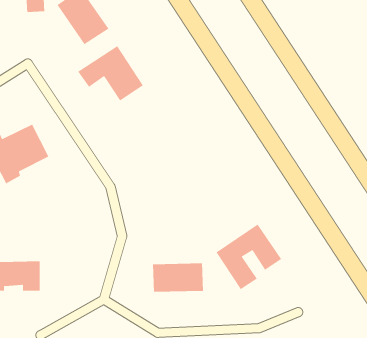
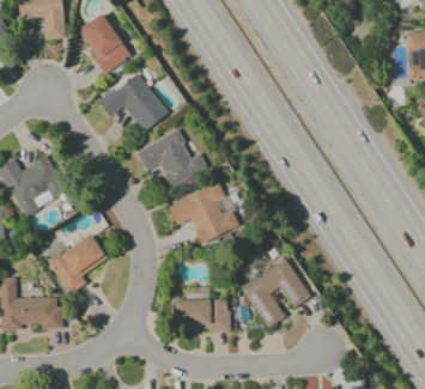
building: none -> [135,130,207,188]
building: none -> [168,183,239,243]
building: none -> [48,235,107,294]

